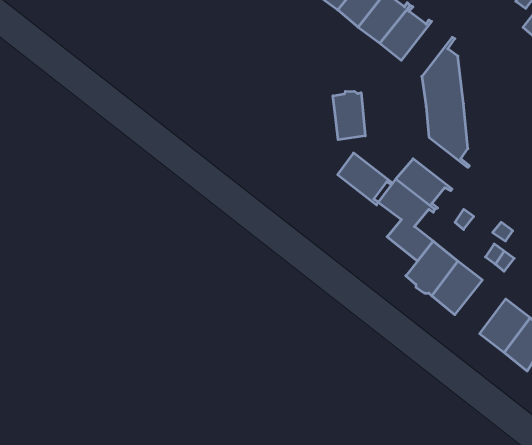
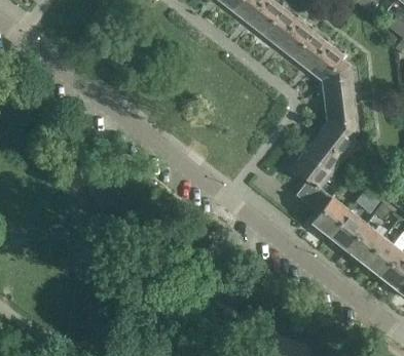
building: none -> [308,41,344,80]
building: [333,91,365,140] -> none
building: [338,153,392,205] -> [317,123,356,160]
building: none -> [346,225,382,263]

